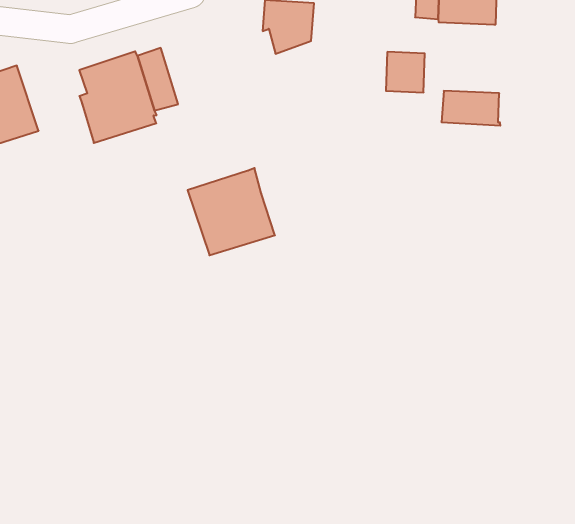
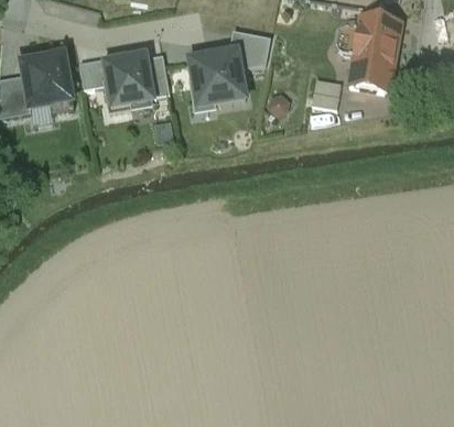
building: none -> [79,58,109,89]
building: [441,91,500,126] -> [349,62,391,90]
building: [188,168,275,255] -> [191,51,246,106]

